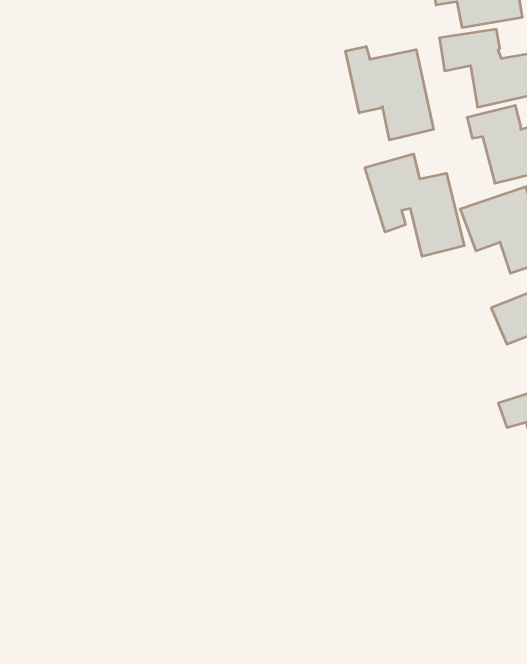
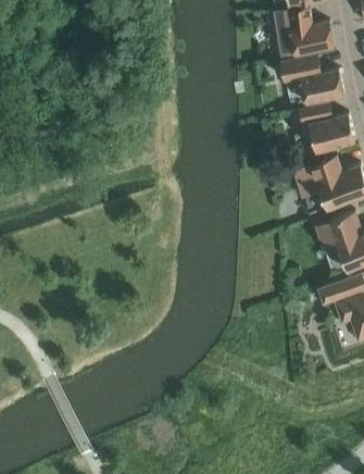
building: [346,46,434,140] -> none
building: [365,154,464,256] -> none

